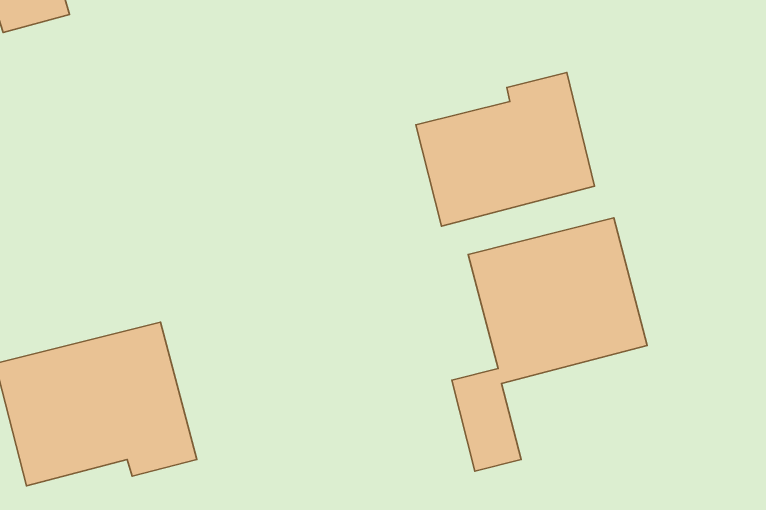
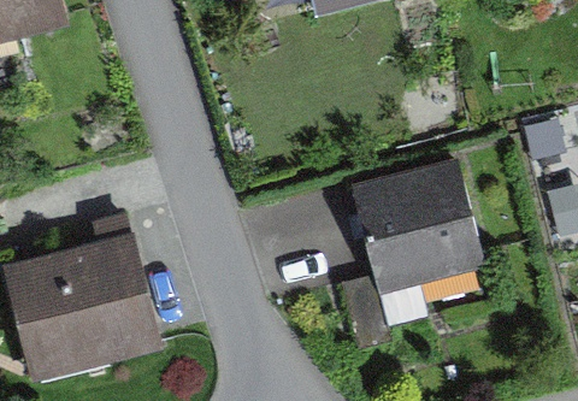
building: [416,72,595,226] -> none

